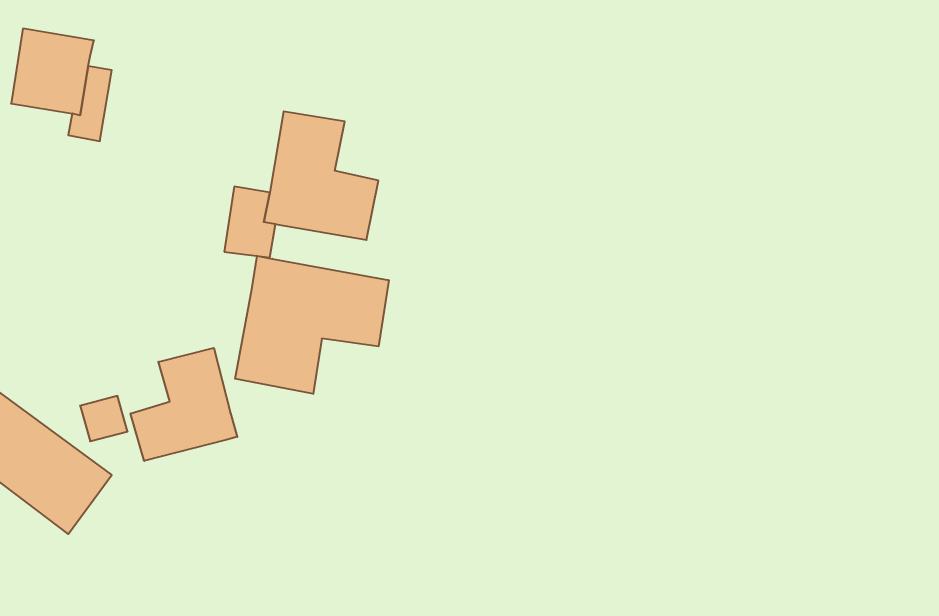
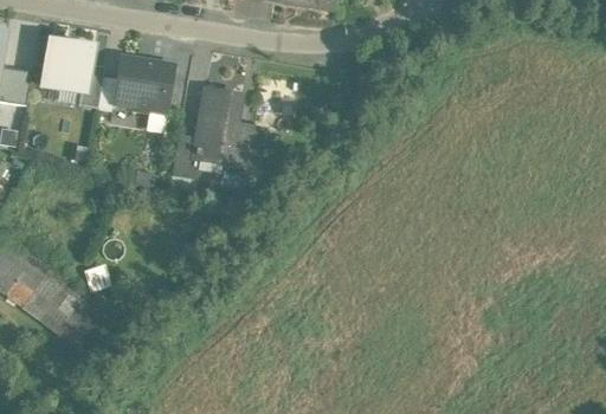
building: none -> [110,57,172,110]
building: [235,256,389,394] -> none
building: [131,348,237,461] -> none

